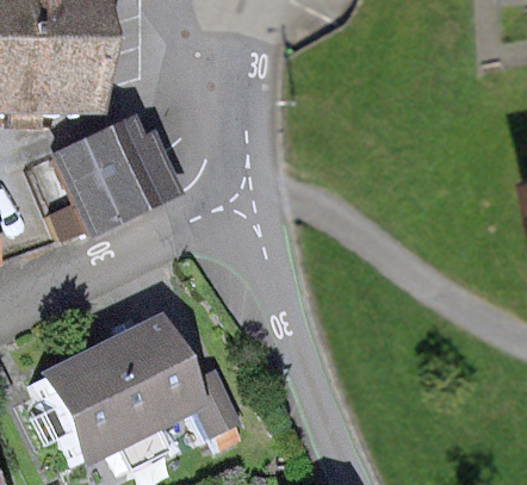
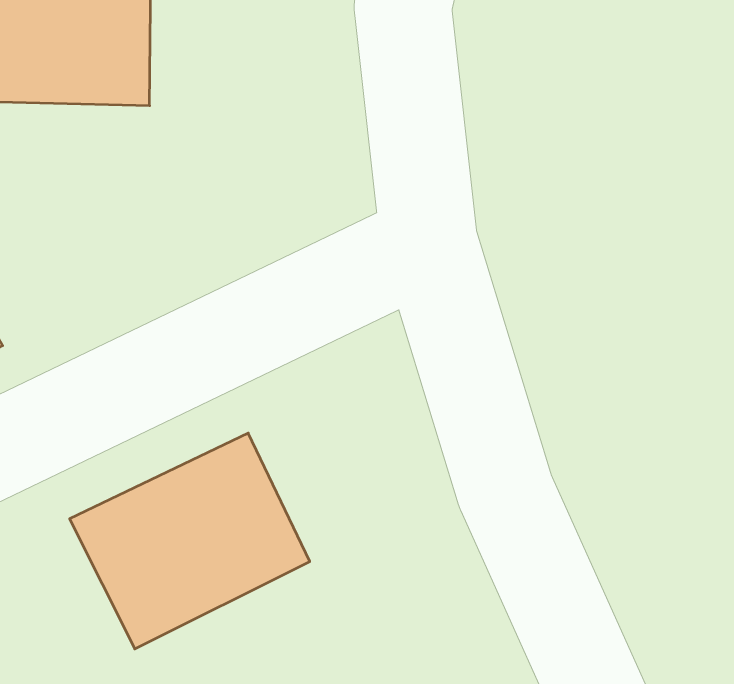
building: [61,120,172,229] -> none

